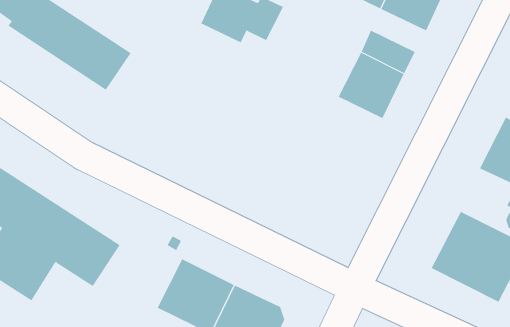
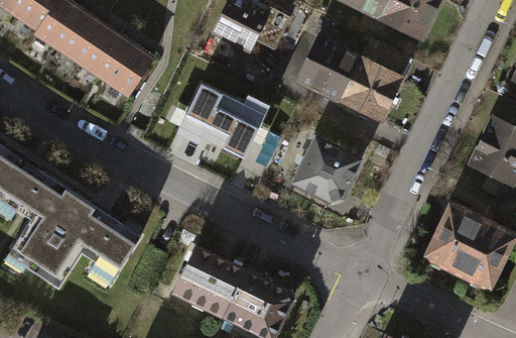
building: none -> [298,37,361,99]
building: none -> [171,85,270,159]
building: none -> [292,137,361,200]

